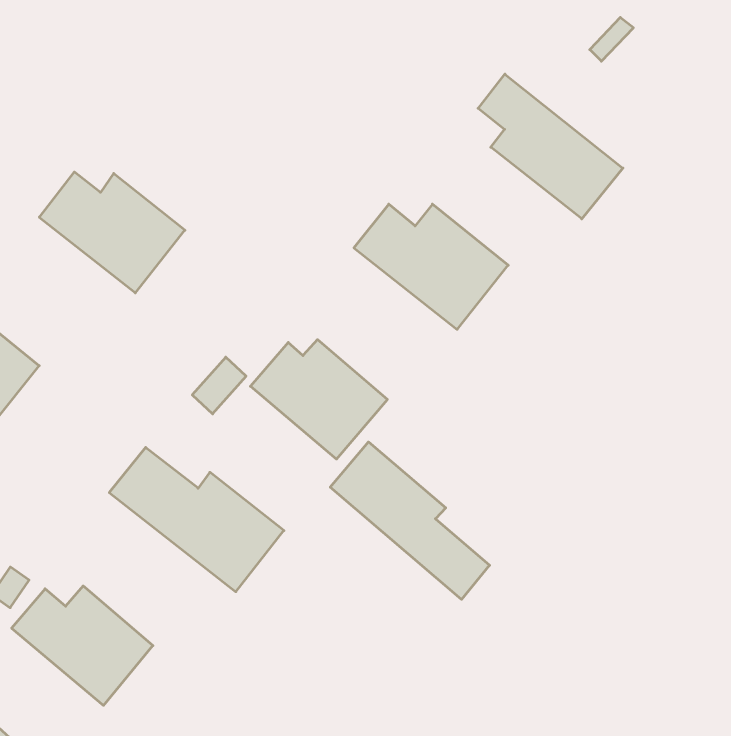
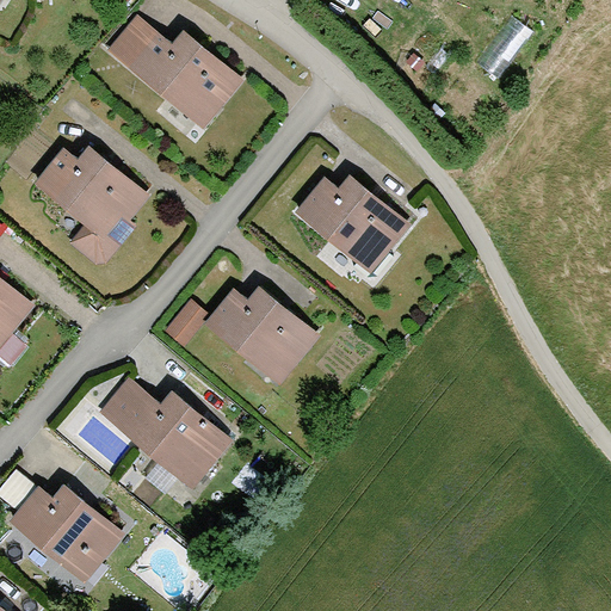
building: none -> [101,13,243,131]
building: [478,74,623,219] -> none
building: [330,442,490,599] -> none

